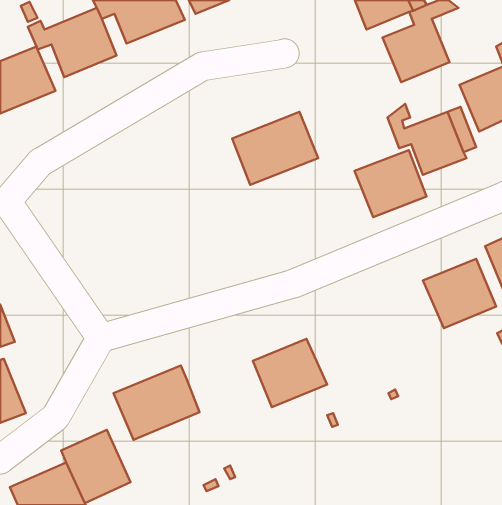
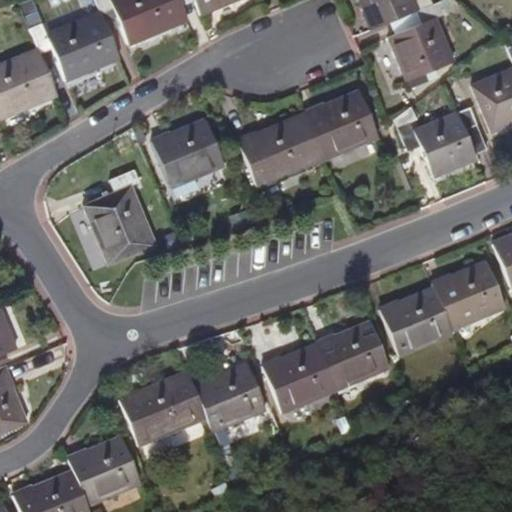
building: none -> [152,120,225,188]
building: [354,150,427,217] -> [306,92,379,160]
building: none -> [86,167,155,262]
building: none -> [377,286,453,359]
building: none -> [313,320,387,389]
building: none -> [192,362,264,430]

